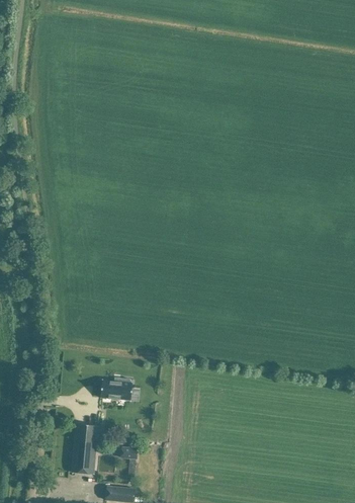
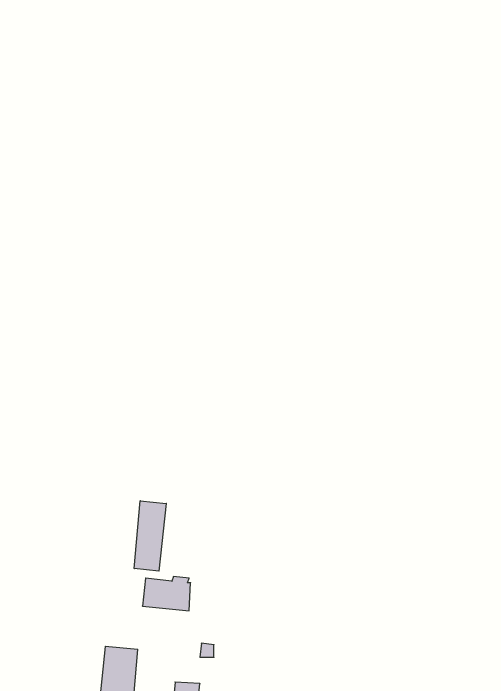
building: none -> [134,501,166,571]

